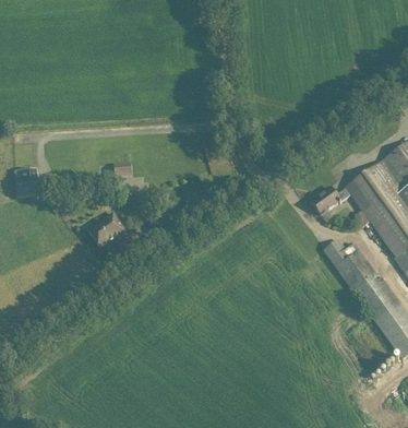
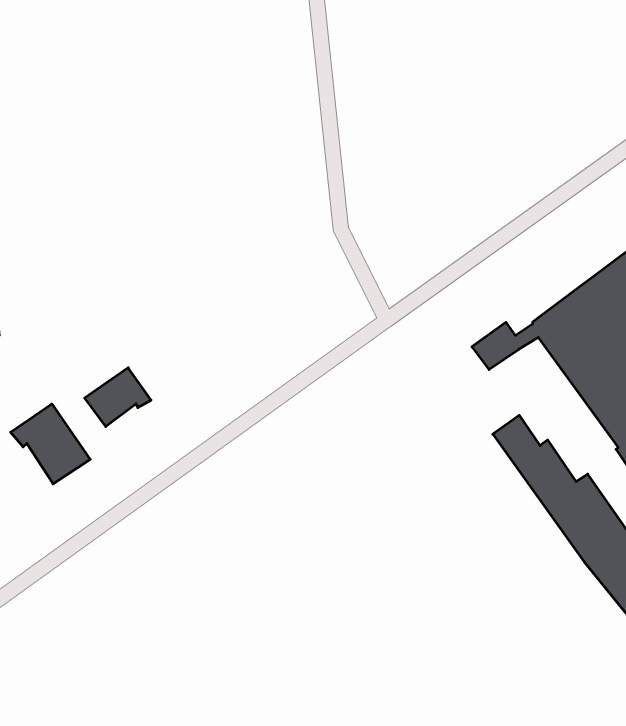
building: none -> [11,404,90,484]

